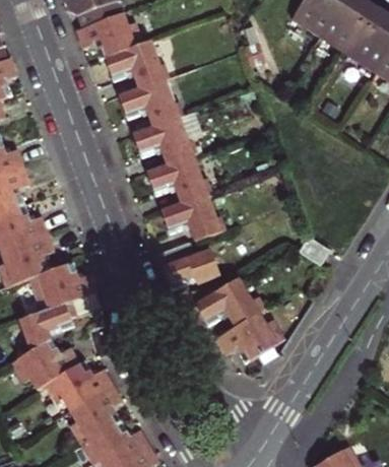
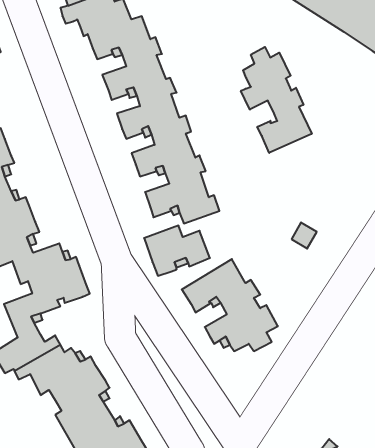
building: none -> [241,47,312,153]

